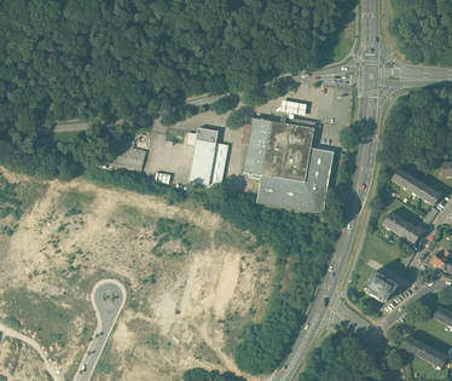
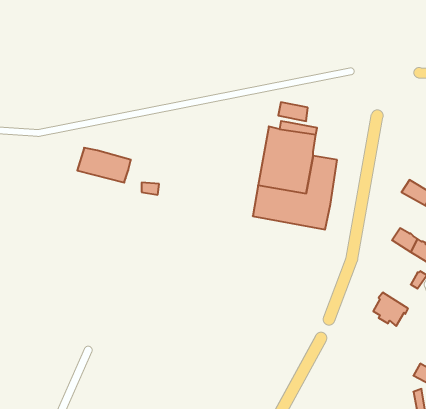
building: [243,117,271,174] -> none
building: [185,127,228,187] -> none

